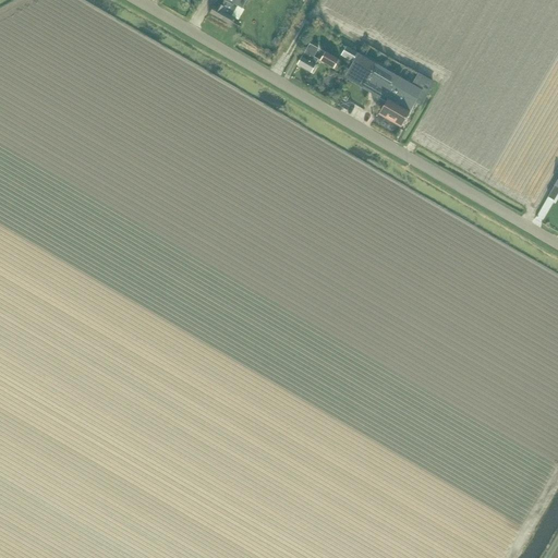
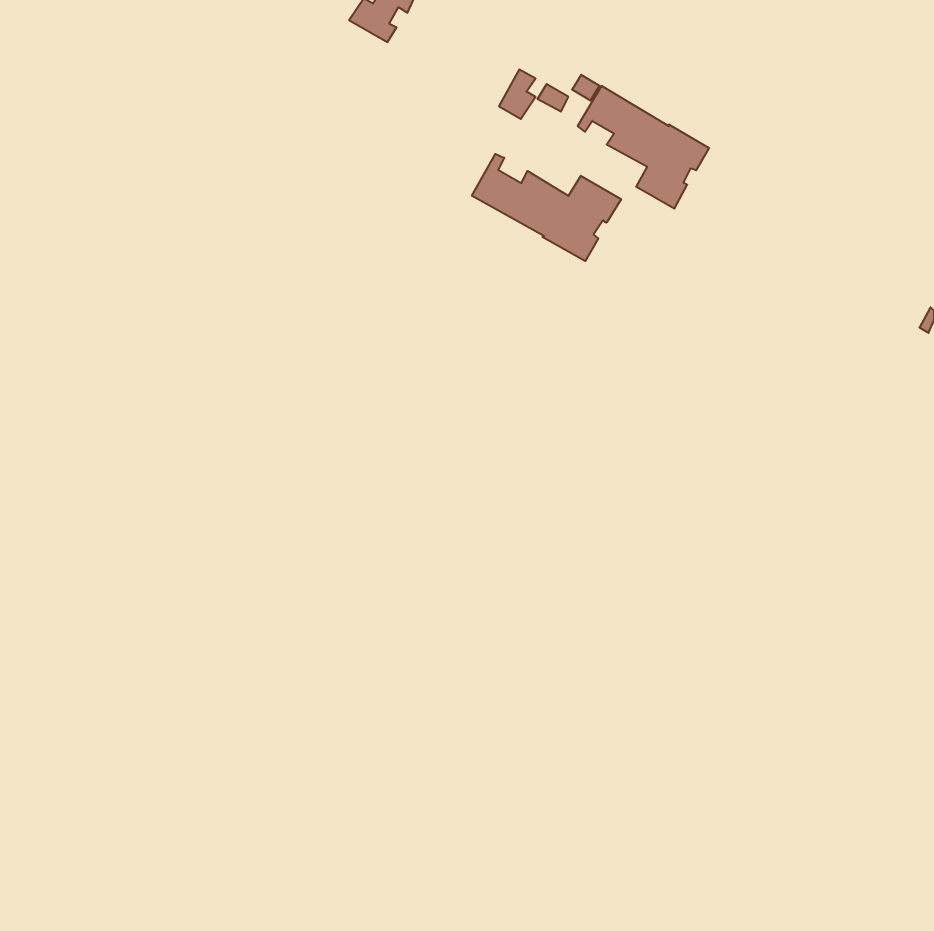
building: none -> [472,154,621,261]

